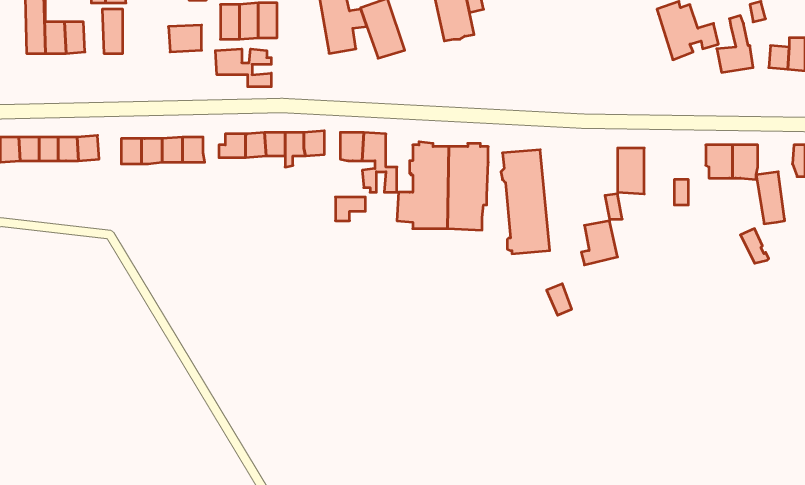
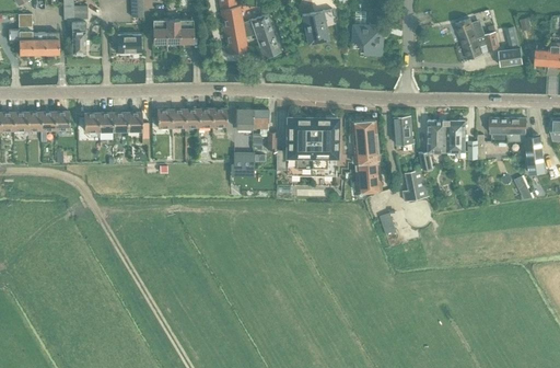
building: none -> [353,25,383,56]
building: [215,49,271,87] -> none
building: none -> [395,117,412,152]
building: none -> [447,120,465,152]

